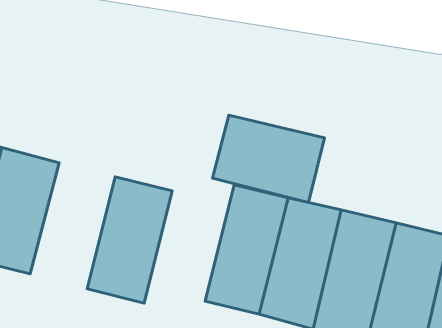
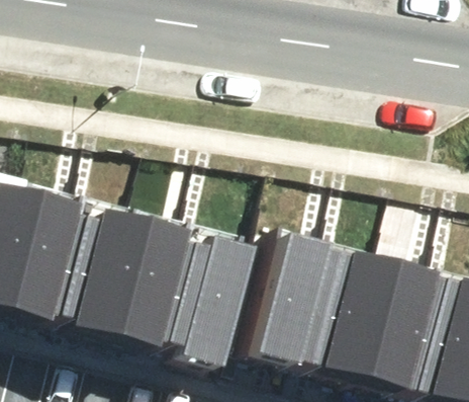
building: [213,115,325,202] -> none
building: none -> [49,204,134,331]
building: none -> [164,232,250,359]

